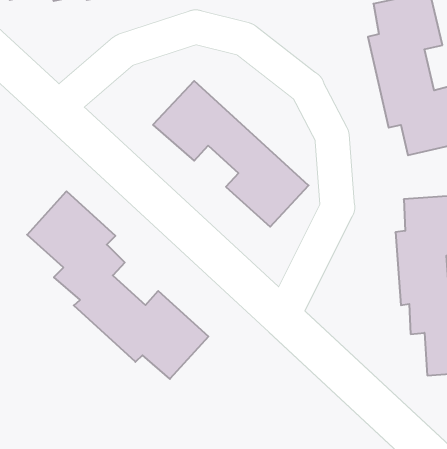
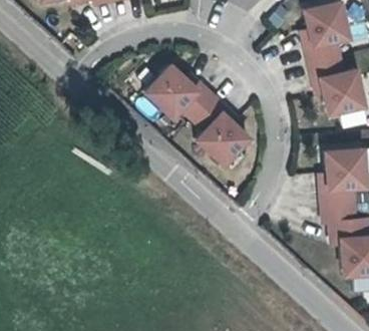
building: [27,191,208,379] -> none

